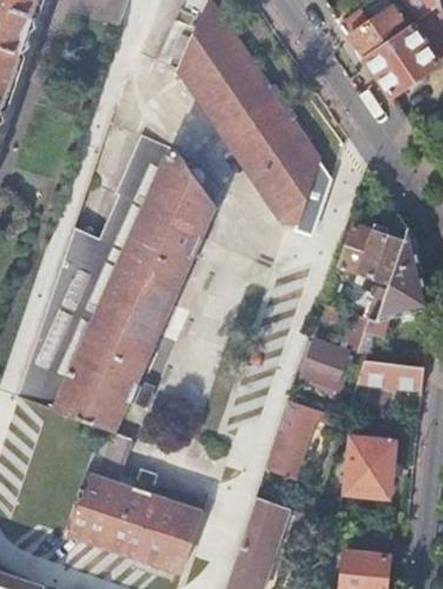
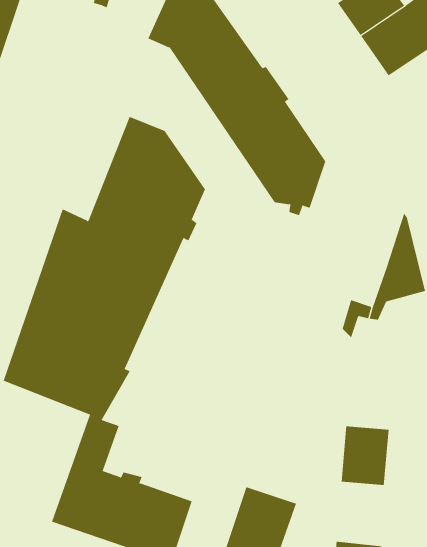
building: [338,209,407,284] -> none
building: [299,342,346,387] -> none
building: [356,361,423,390] -> none
building: [262,400,335,479] -> none

